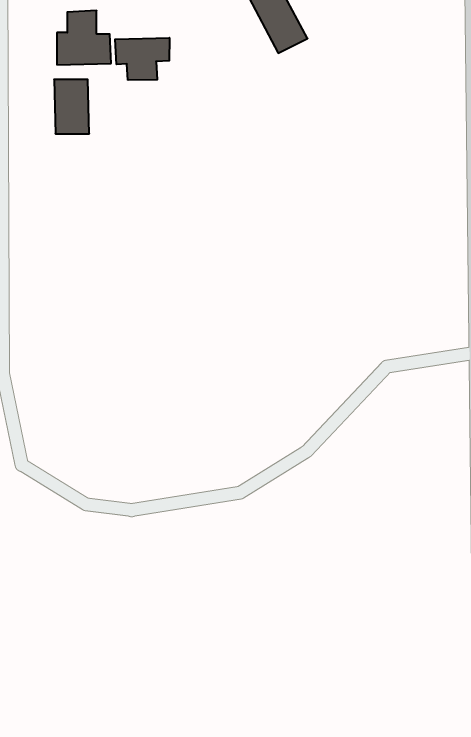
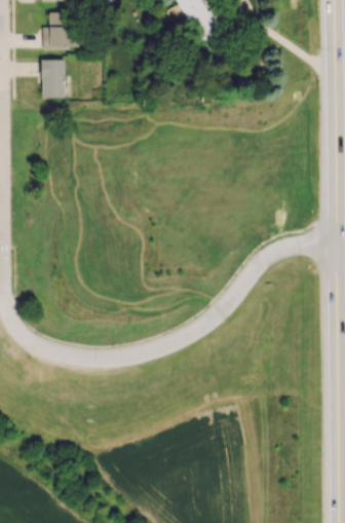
building: [115,38,169,80] -> none

